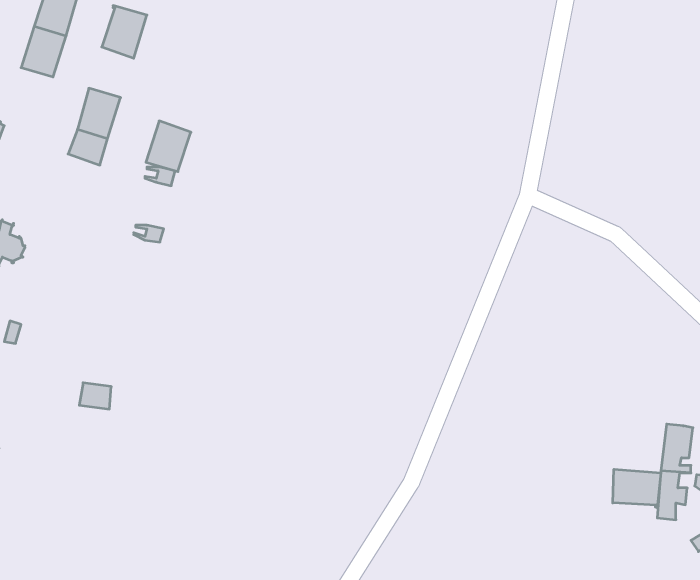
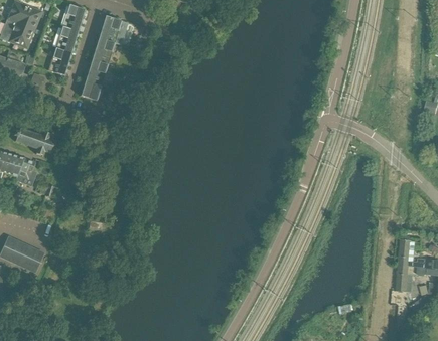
building: none -> [48,48,71,75]
building: [146,121,191,172] -> [91,37,115,64]
building: [613,469,661,508] -> none

